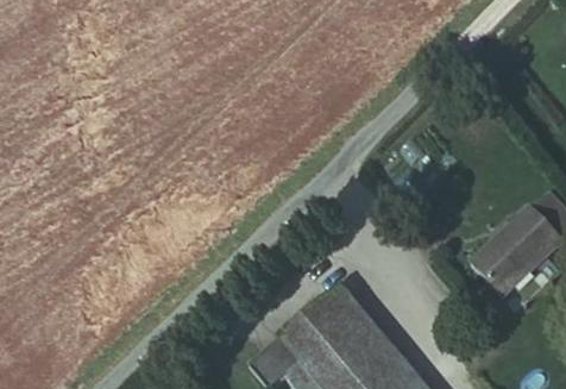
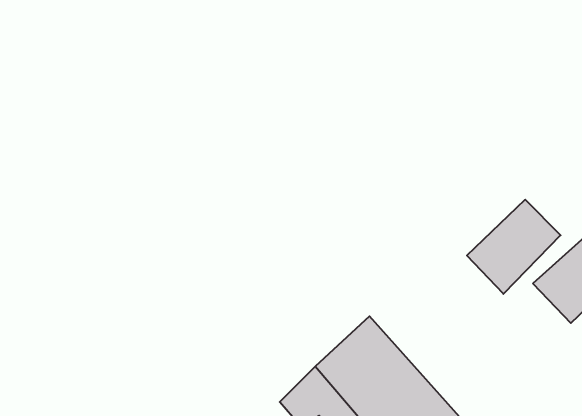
building: none -> [467,200,561,294]

